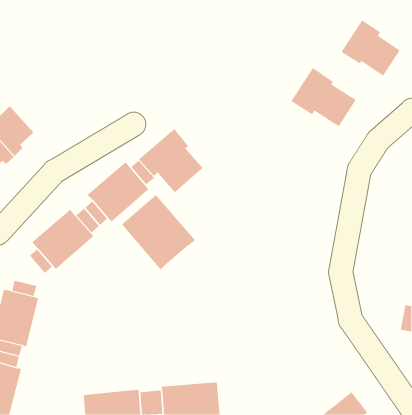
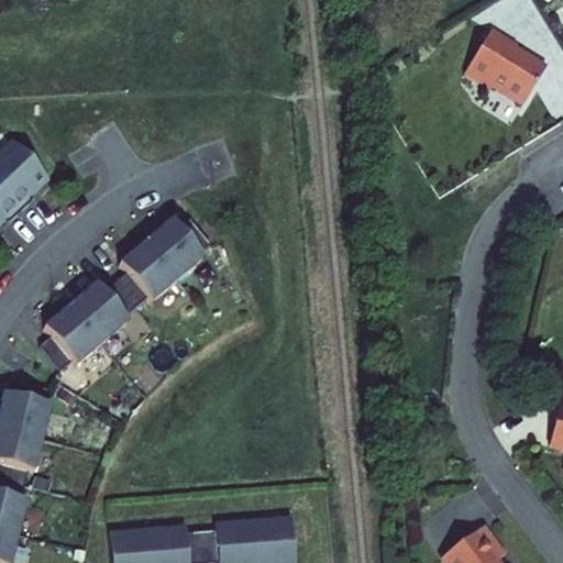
building: [291,67,357,127] -> none
building: [138,128,204,193] -> none
building: [121,194,196,270] -> none

